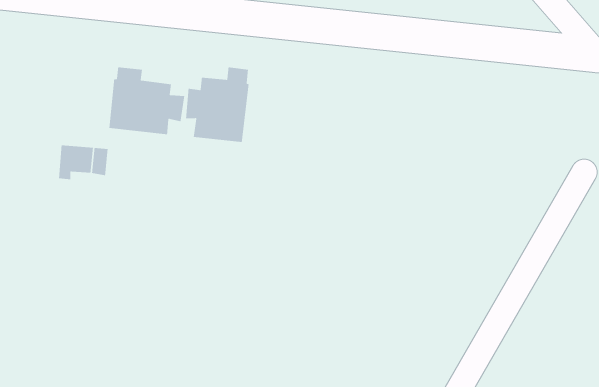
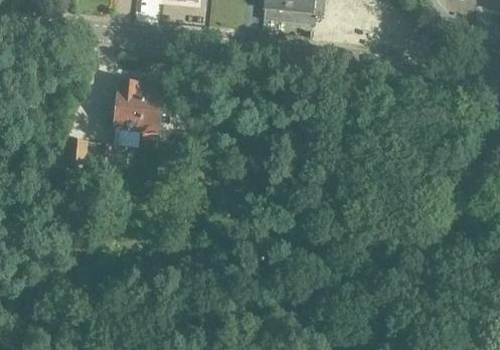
building: [185,67,249,143] -> none

